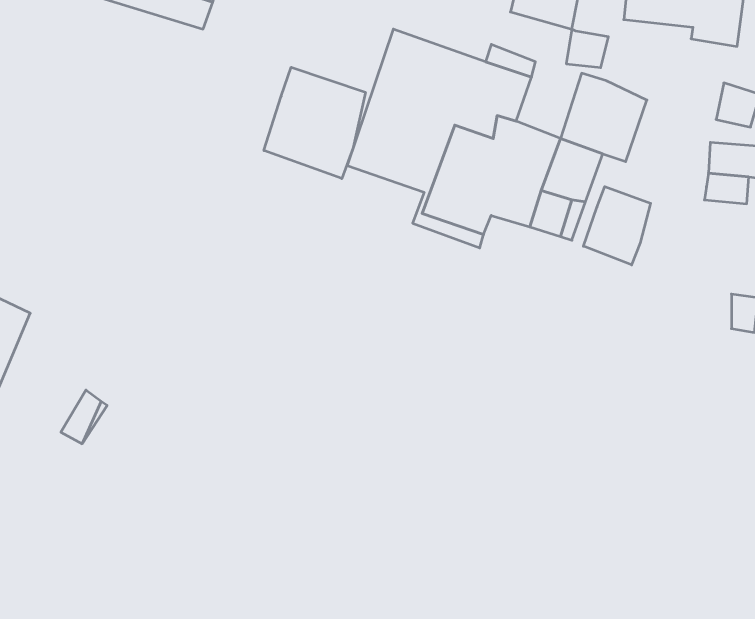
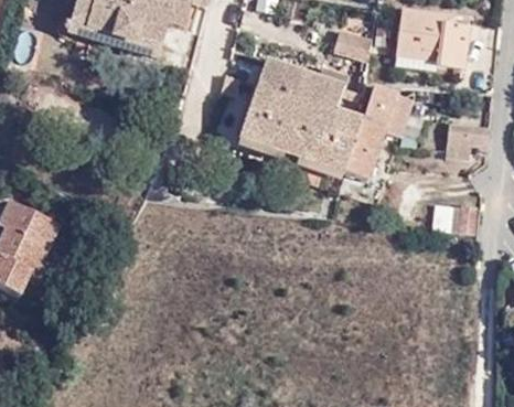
building: [264,67,365,179] -> none
building: [583,187,651,265] -> none

